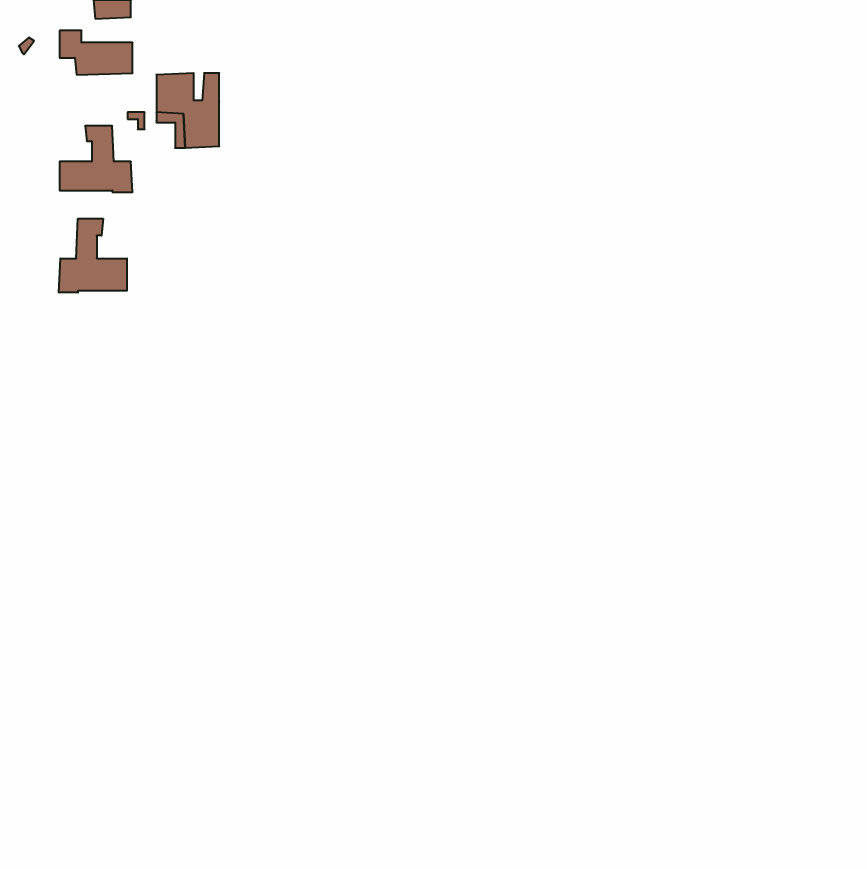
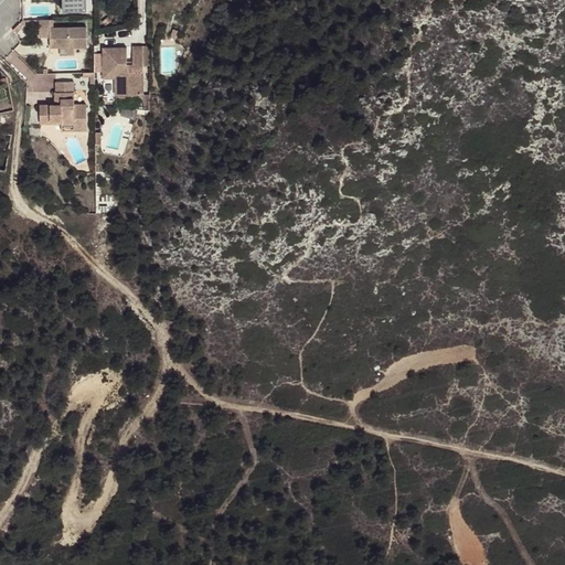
building: [59,219,127,293] -> none

